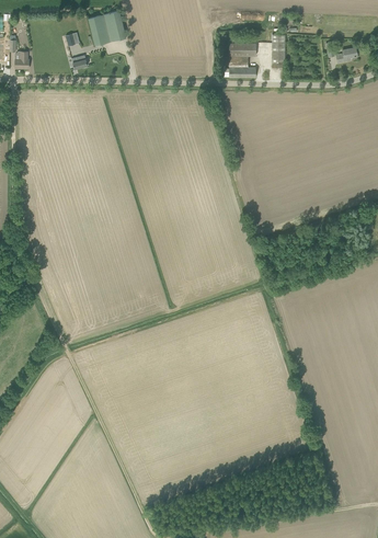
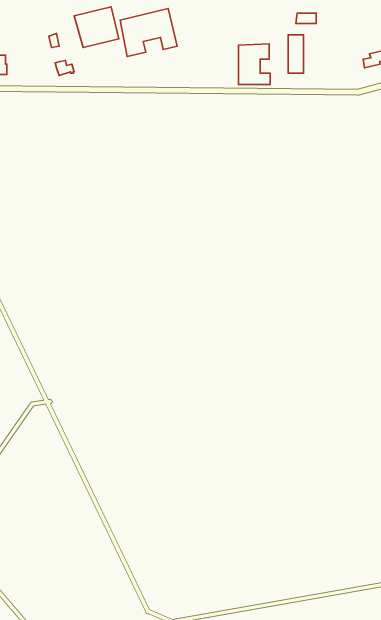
building: none -> [120,9,177,57]

